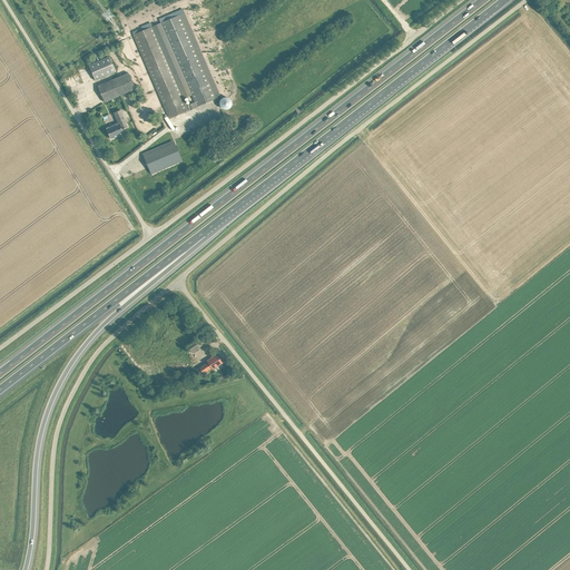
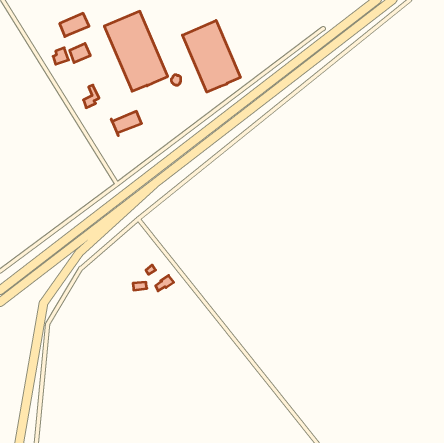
building: none -> [182,20,240,92]
building: [98,71,136,101] -> [60,13,89,37]

